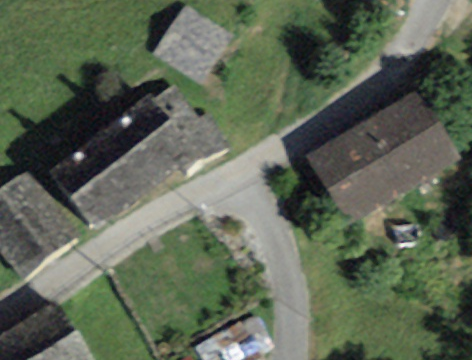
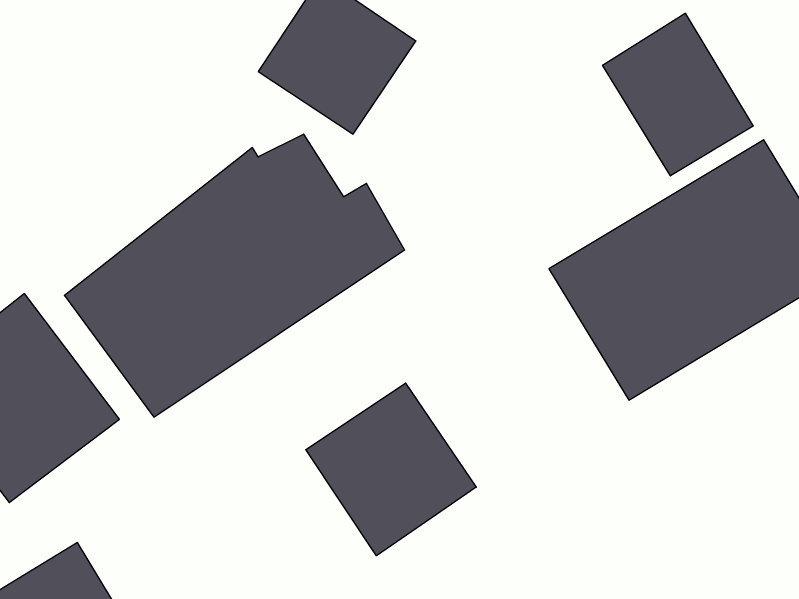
building: none -> [603,13,753,176]
building: none -> [306,383,476,556]

